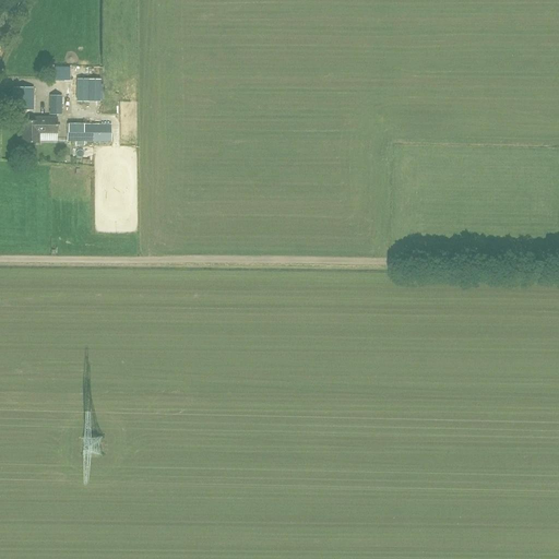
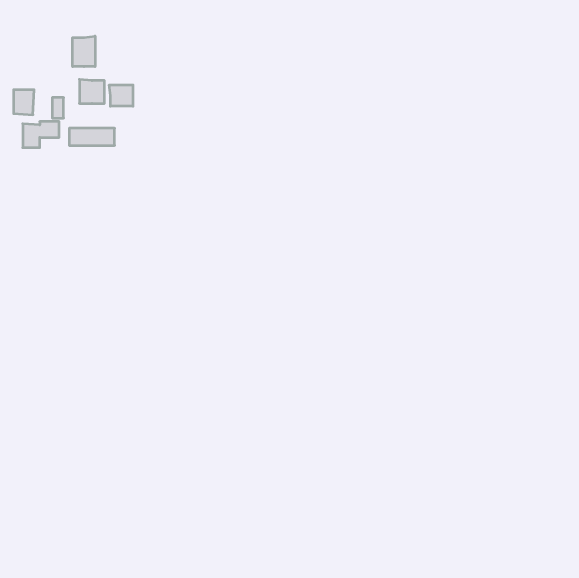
building: none -> [73,36,95,67]
building: none -> [109,85,133,106]

